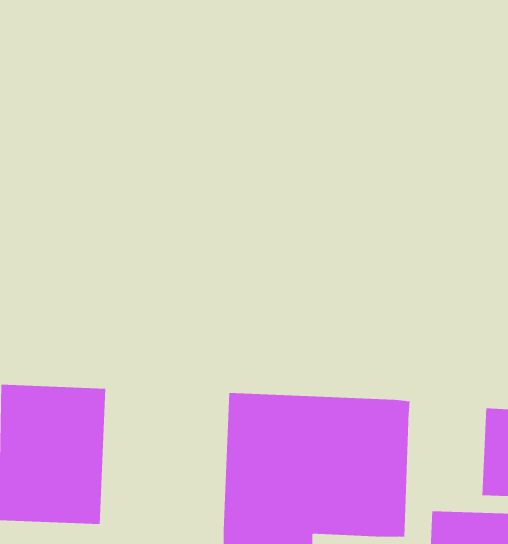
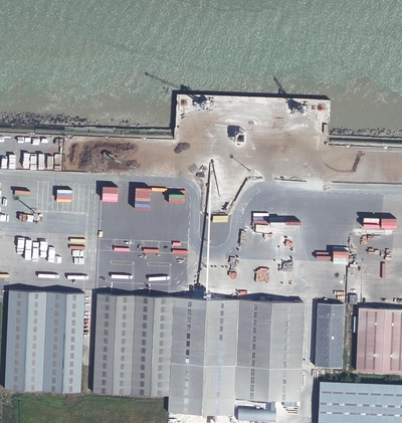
building: none -> [92,293,172,396]
building: none -> [315,303,343,368]

